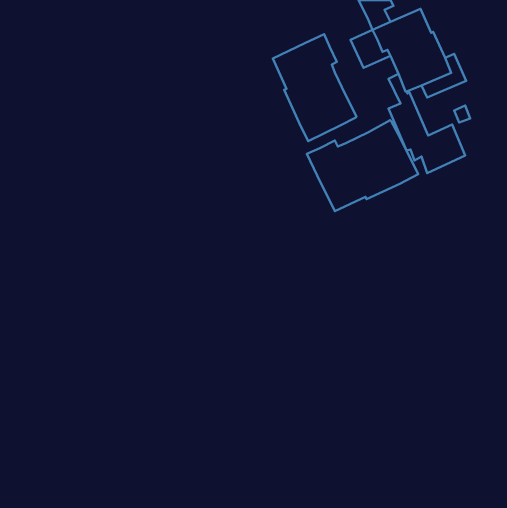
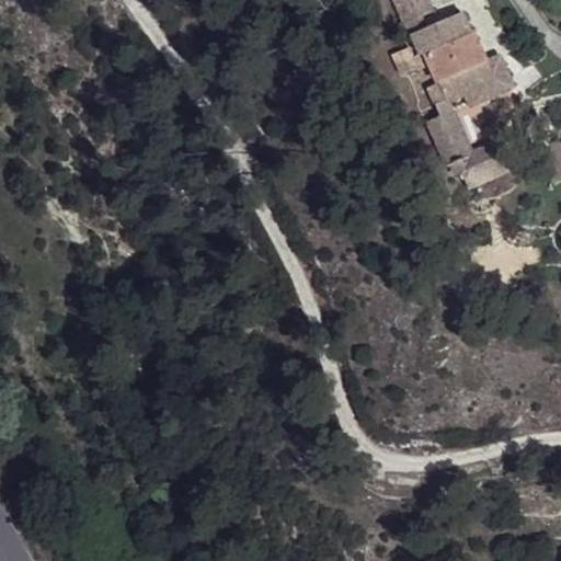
building: [273,34,357,141] -> none
building: [307,120,418,211] -> none

